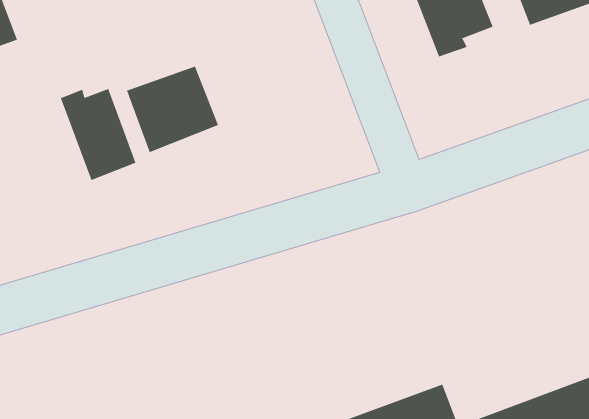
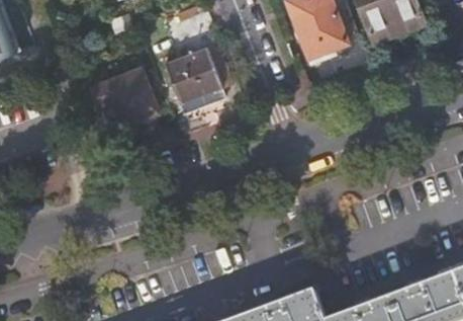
building: none -> [164,43,225,109]
building: [60,88,136,181] -> none

